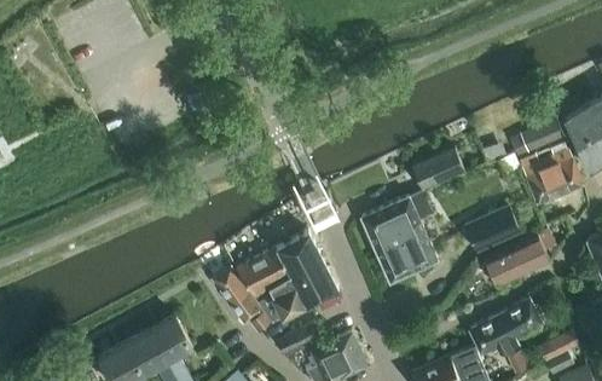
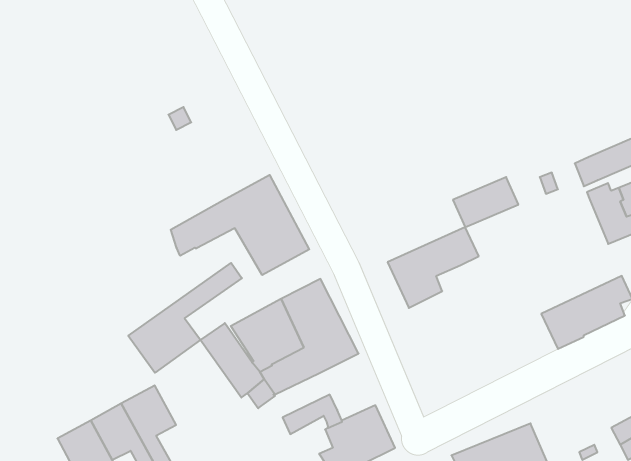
building: none -> [171,175,309,275]
building: [462,204,521,254] -> none
building: none -> [128,263,242,373]
building: [378,220,439,282] -> none
building: [469,299,542,354] -> none

